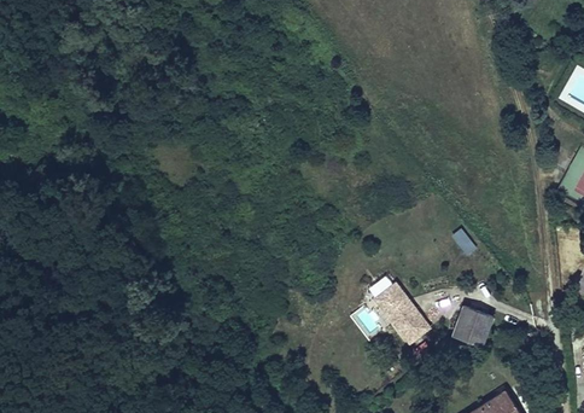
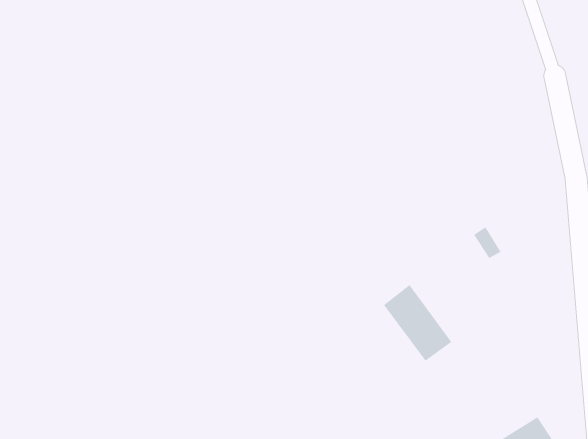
building: [451,307,494,347] -> none

